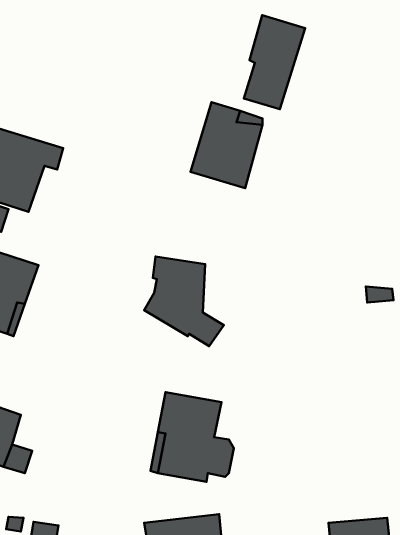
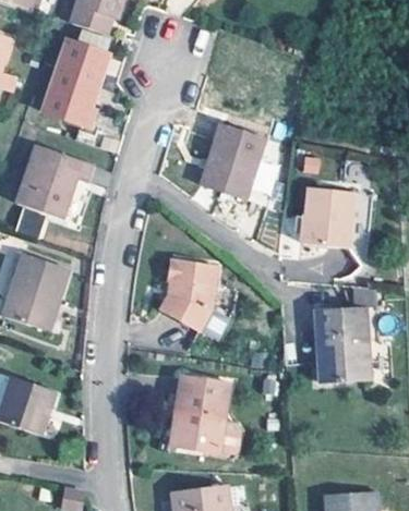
building: none -> [41,39,105,129]
building: [244,15,305,109] -> none
building: none -> [302,185,354,244]
building: none -> [317,305,372,379]

